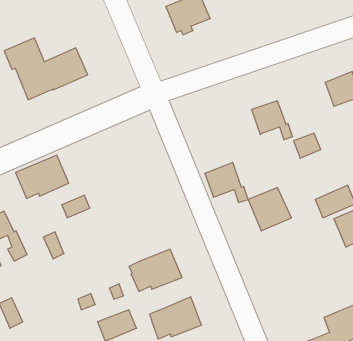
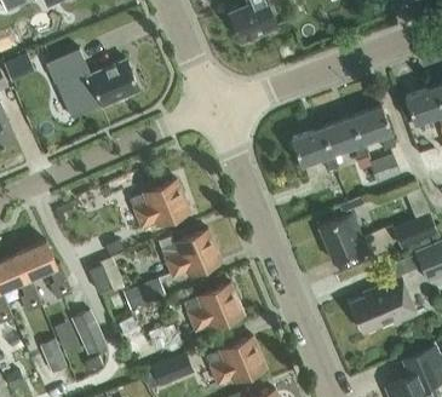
building: none -> [350,107,394,151]
building: [16,155,69,198] -> [130,180,189,229]
building: [205,163,248,203] -> [289,128,338,173]
building: none -> [157,230,220,278]
building: none -> [122,277,165,310]
building: none -> [350,278,415,334]
building: none -> [70,310,105,355]

